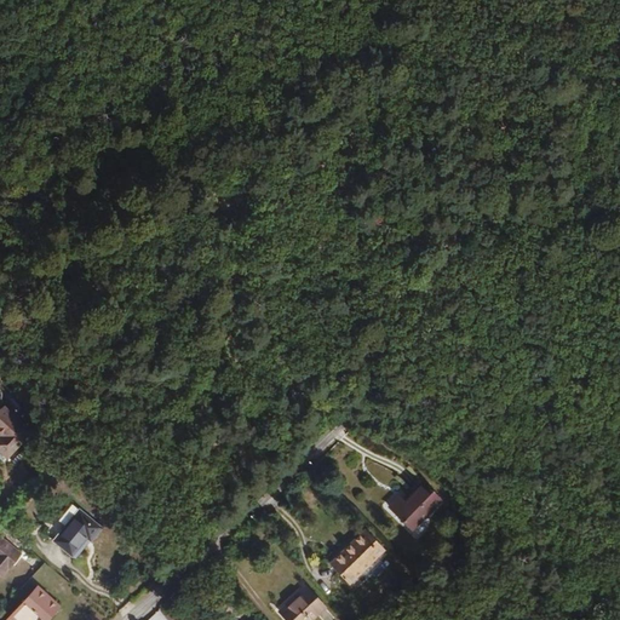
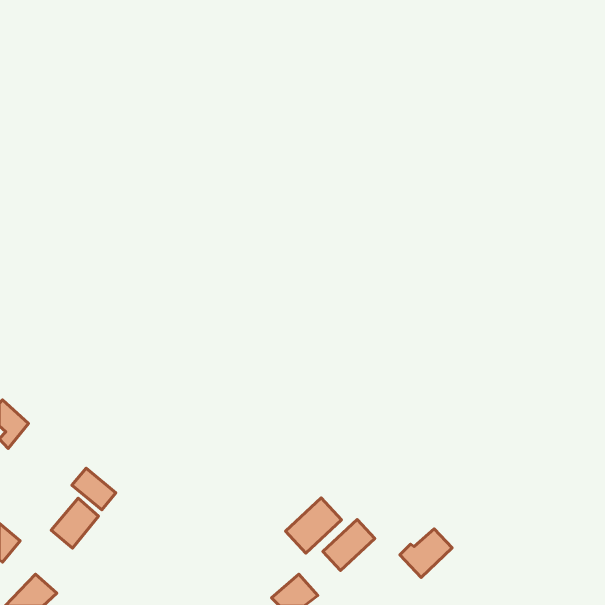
building: none -> [72,468,116,510]
building: [388,482,441,532] -> [400,529,452,577]
building: none -> [285,498,341,553]

